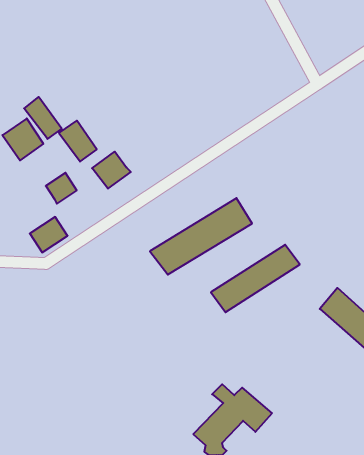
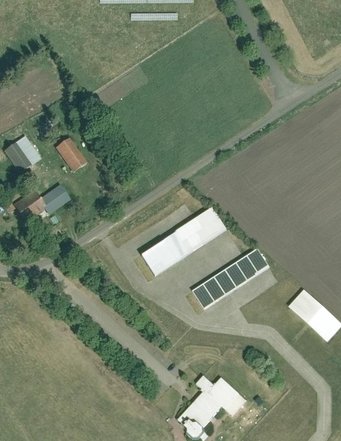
building: [24,97,62,139] -> none
building: [92,152,131,189] -> none
building: [30,217,68,252] -> [16,190,50,222]

